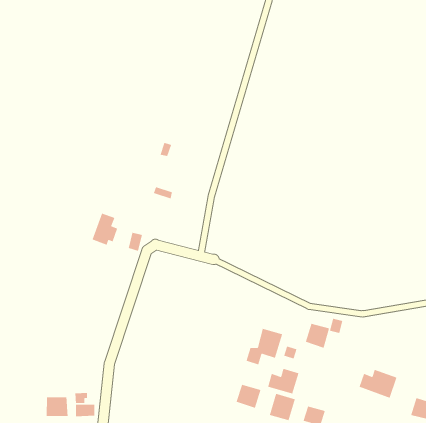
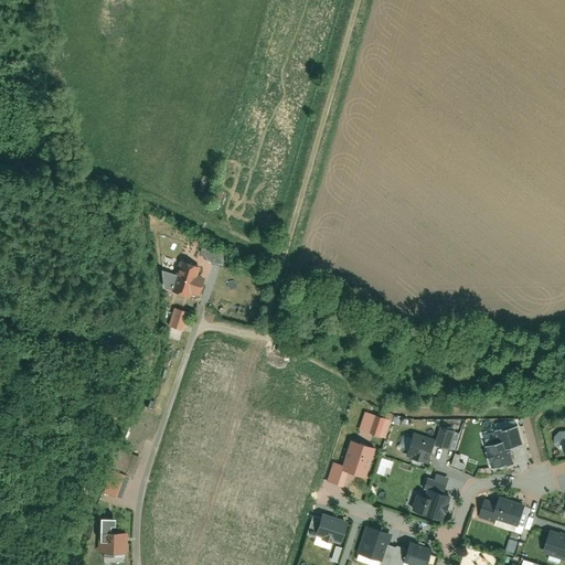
building: [91,212,118,246] -> [168,259,203,303]
building: none -> [358,411,391,439]
building: none -> [482,422,521,468]
building: [267,368,300,395] -> [409,487,452,522]
building: [46,396,69,417] -> none

